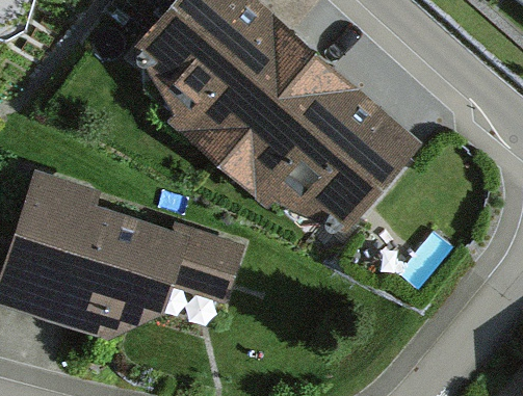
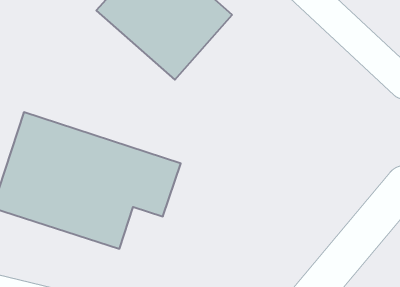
building: [227,60,392,223] -> none

